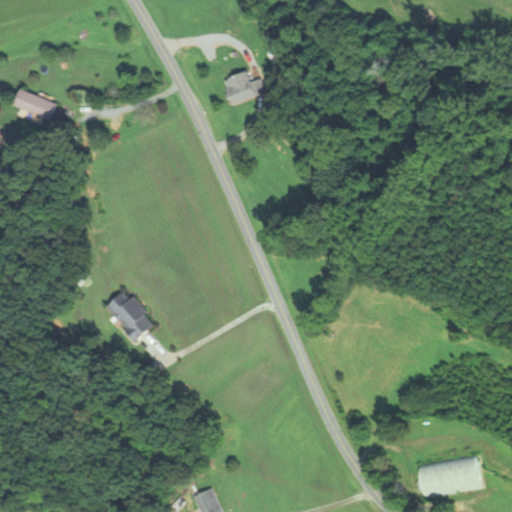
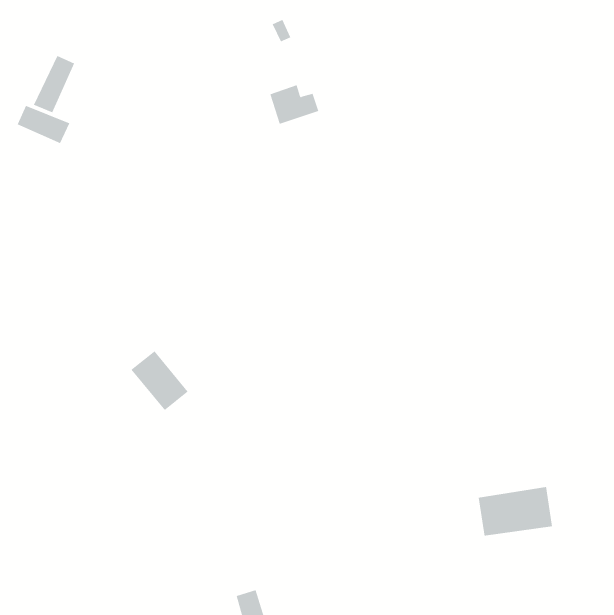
building: none -> [33,55,75,113]
building: [417,456,479,497] -> [478,487,553,536]

